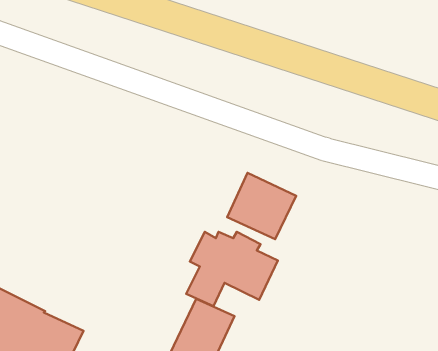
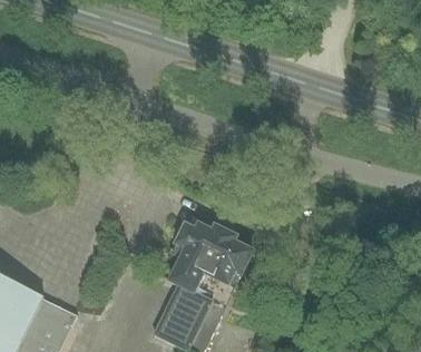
building: [227,173,296,239] -> none

